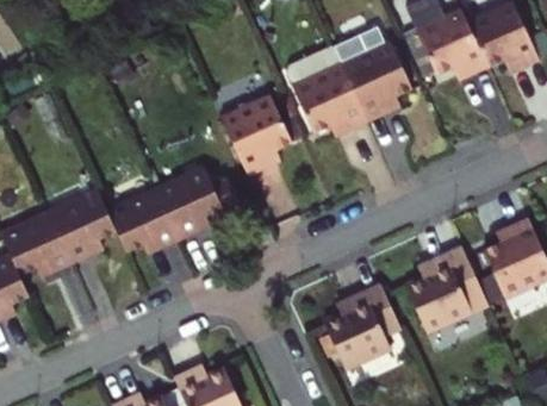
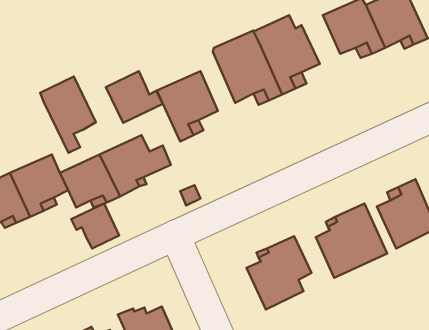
building: none -> [106,71,163,123]
building: none -> [40,77,96,153]
building: none -> [71,203,119,248]

